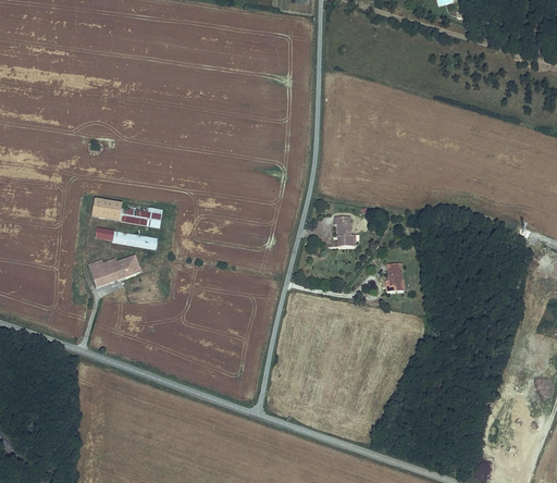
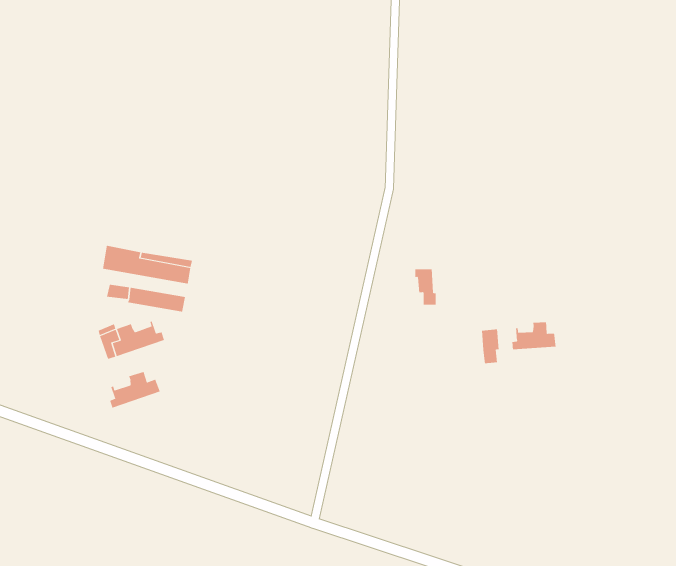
building: none -> [512,321,556,350]
building: none -> [109,371,160,408]

